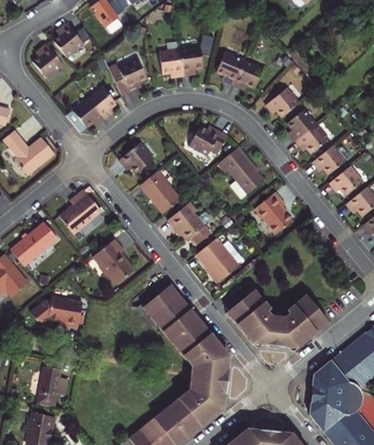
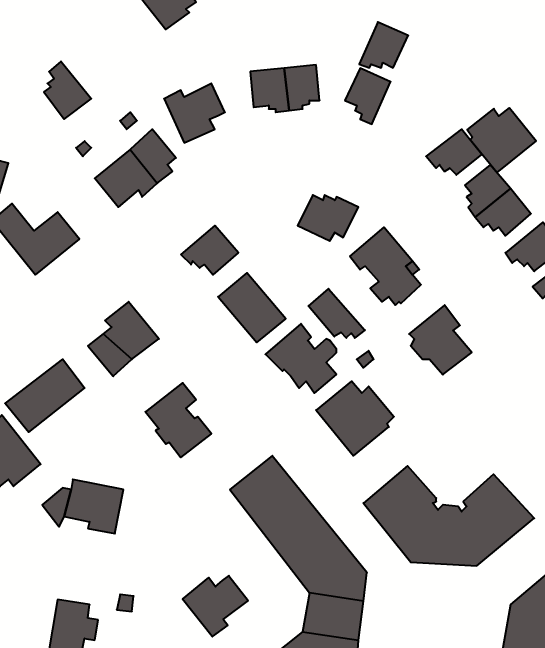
building: [51,25,90,59] -> none
building: [233,57,262,85] -> [359,22,408,68]
building: none -> [467,108,536,172]
building: none -> [308,289,365,338]
building: none -> [183,576,248,637]

